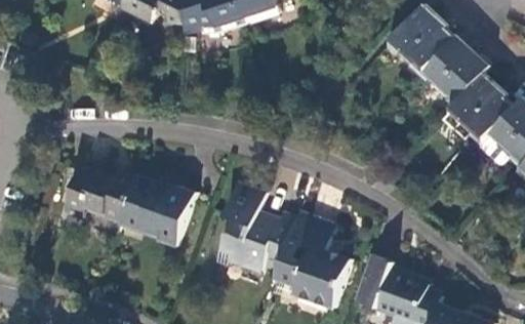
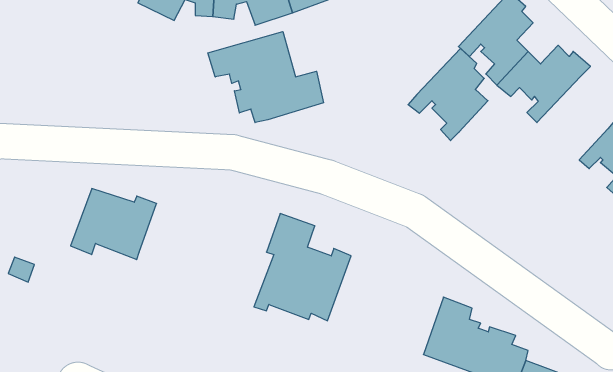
building: none -> [208,32,324,123]
building: [441,71,507,147] -> [408,48,488,141]
building: [121,174,194,244] -> none
building: [274,211,352,309] -> none

